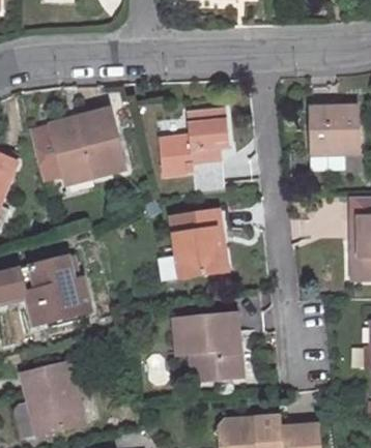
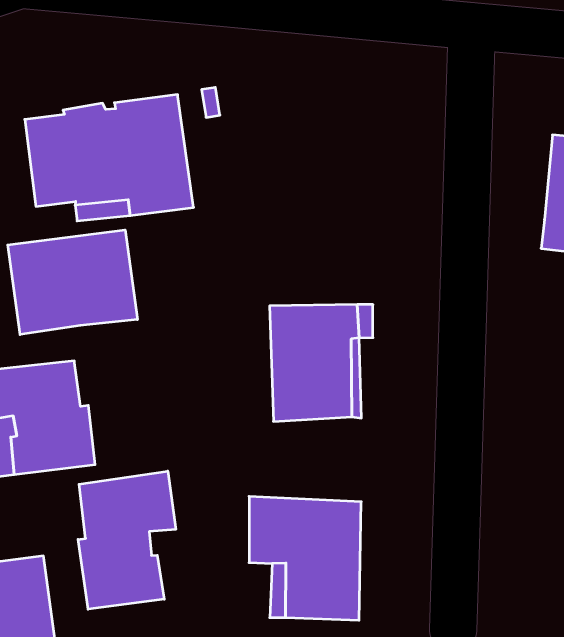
building: [176,108,228,191] -> none
building: none -> [8,230,137,335]
building: none -> [78,471,176,609]

